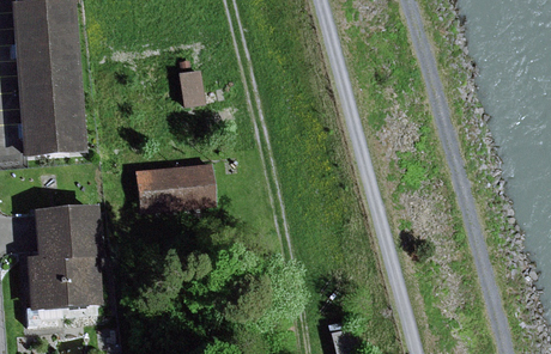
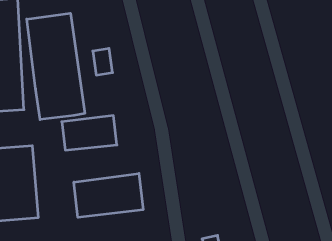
building: none -> [27,13,85,120]
building: none -> [74,173,143,217]

